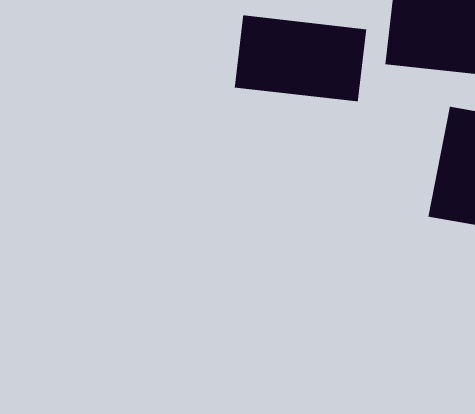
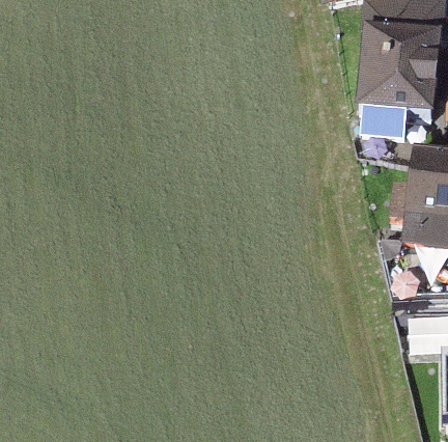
building: [234,15,367,102] -> none

